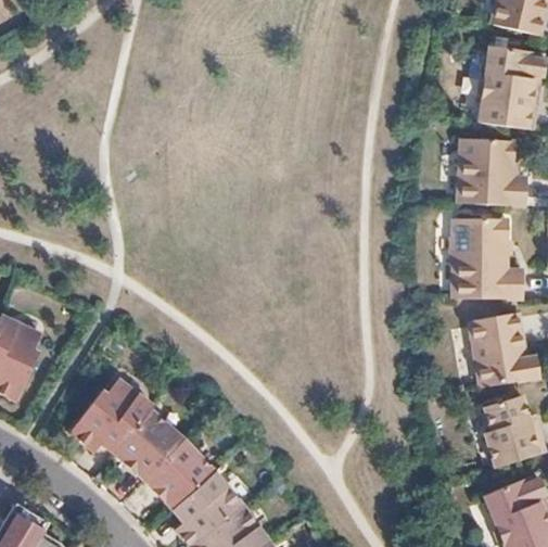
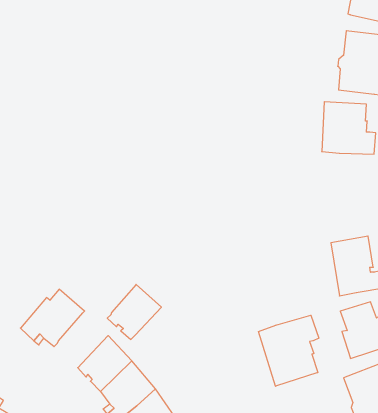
building: [447,220,521,302] -> none
building: [114,409,183,480] -> [107,284,161,339]
building: none -> [258,315,319,386]

